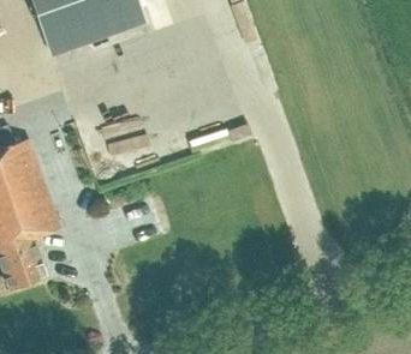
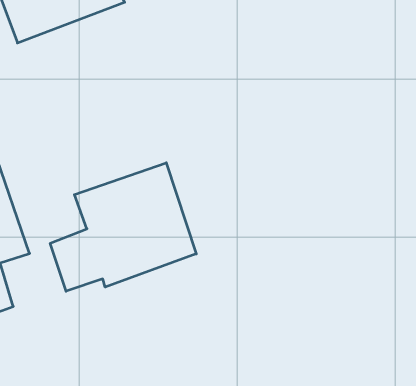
building: none -> [50,163,196,291]

